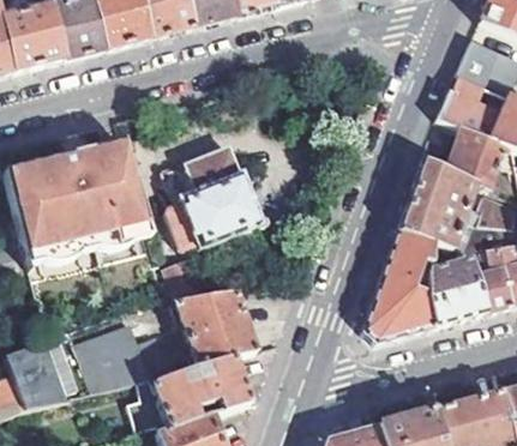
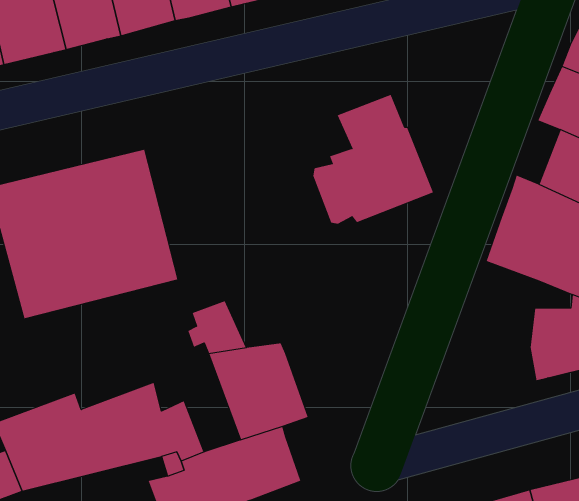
building: [167,144,263,247] -> [312,94,434,224]
building: [362,227,439,339] -> none

